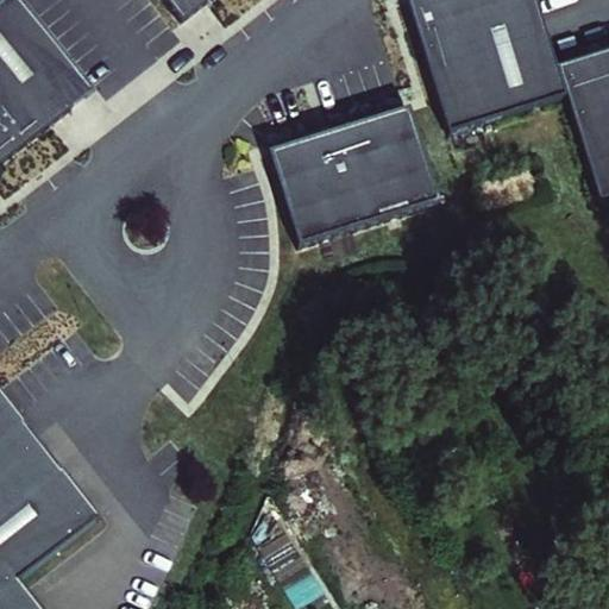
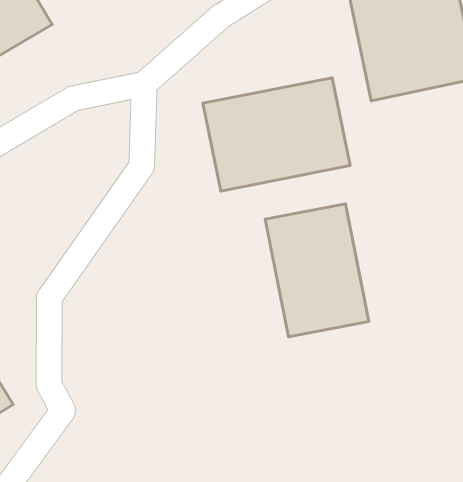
building: none -> [265,204,369,337]

